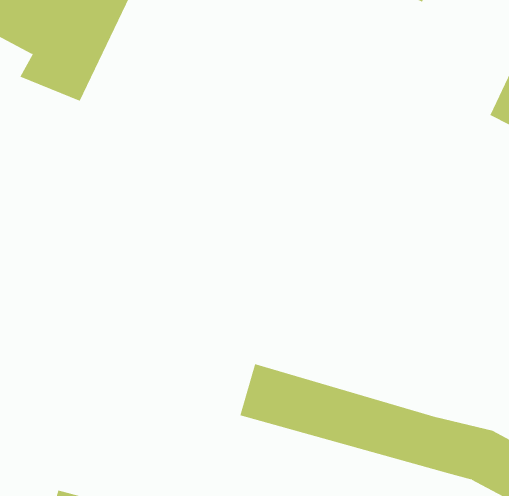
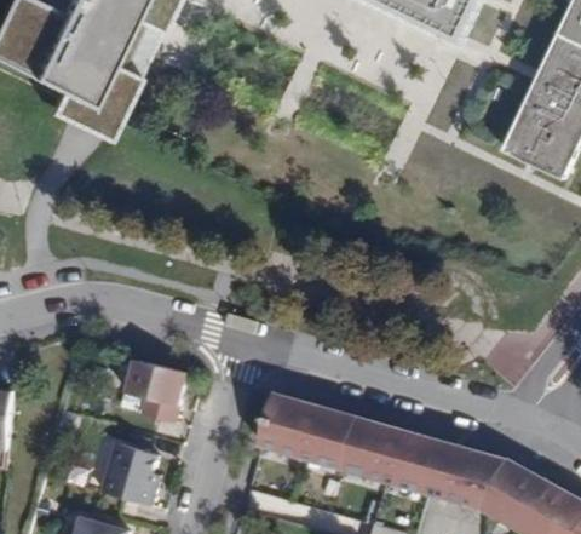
building: none -> [126,357,188,421]
building: none -> [102,441,157,504]

